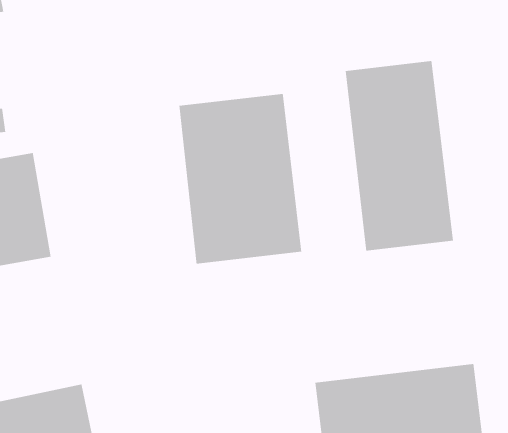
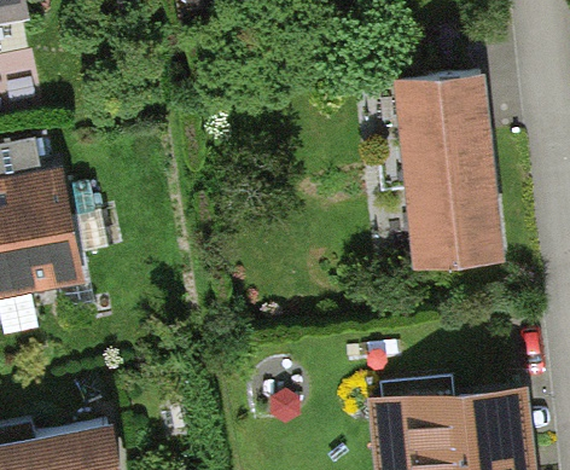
building: [179,93,302,265] -> none

